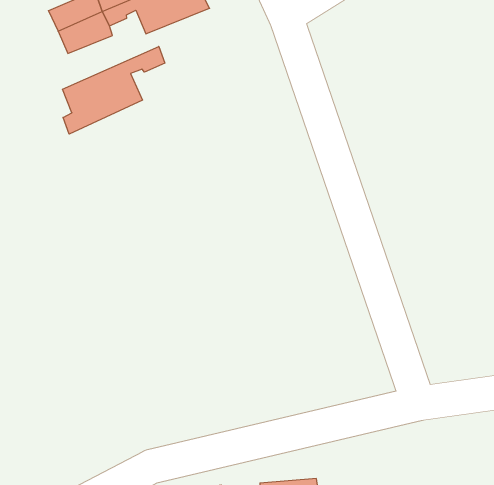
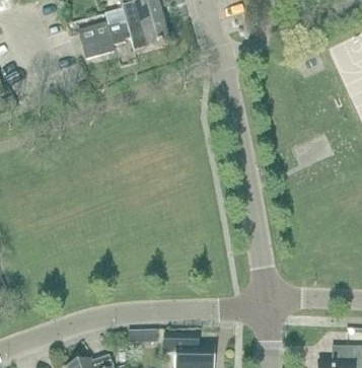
building: [62,46,165,134] -> none

